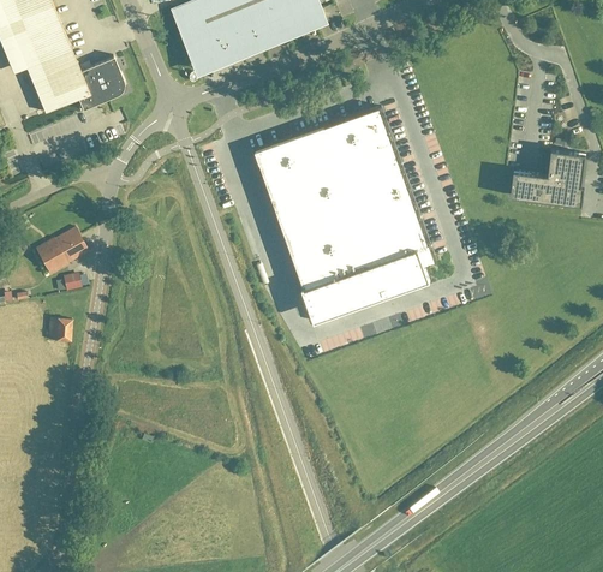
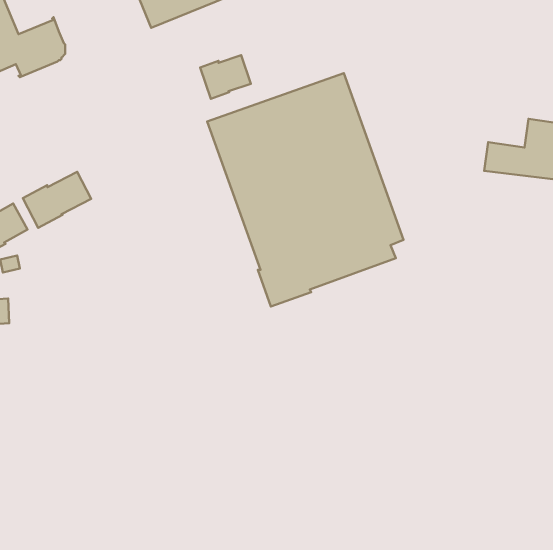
building: none -> [200,55,251,99]
building: none -> [23,172,91,228]

